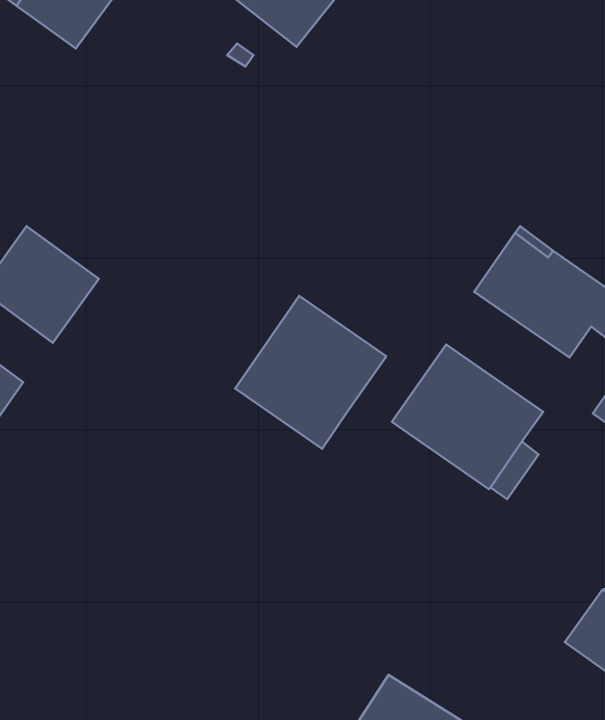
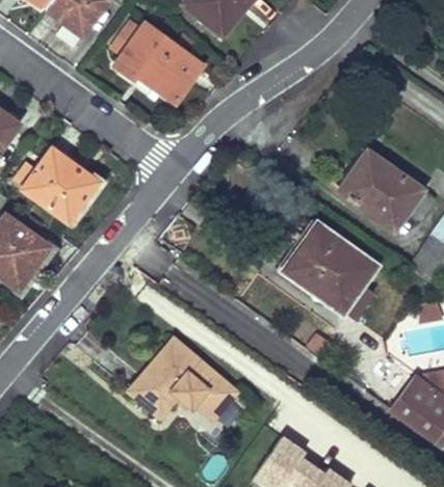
building: none -> [113,22,204,103]
building: [235,296,386,449] -> none
building: none -> [130,340,237,420]

